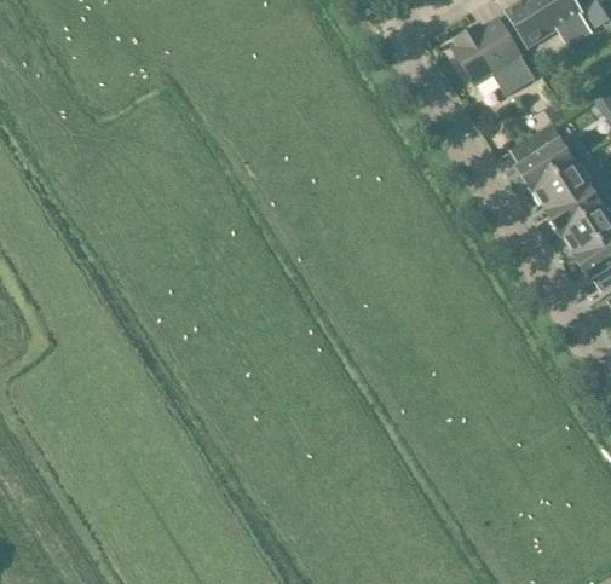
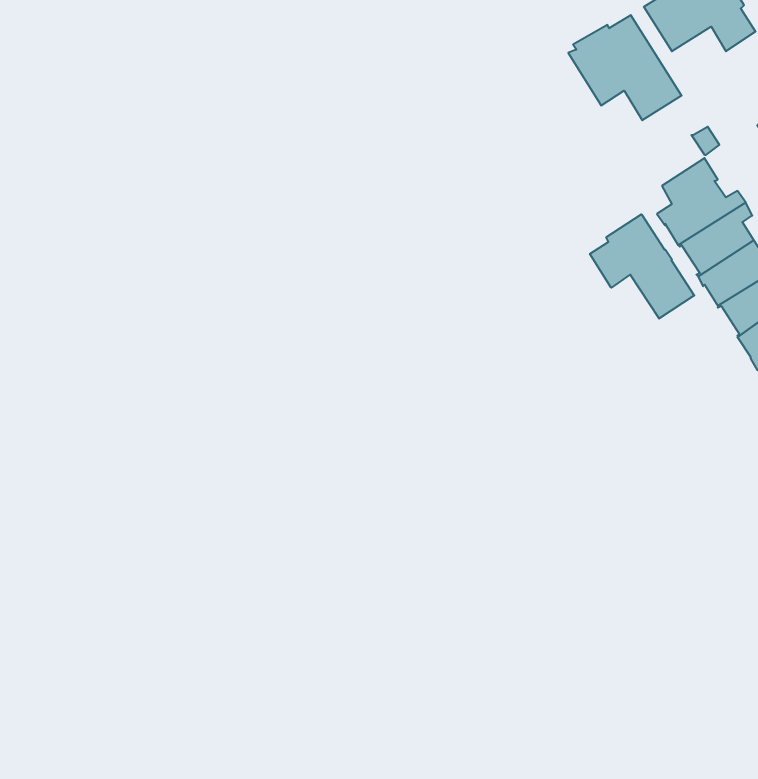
building: none -> [590,214,694,319]

